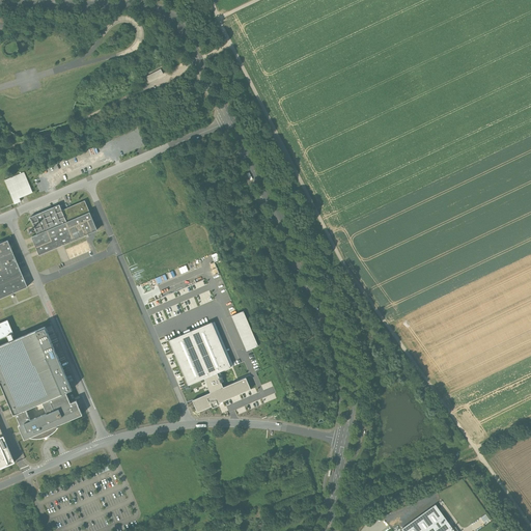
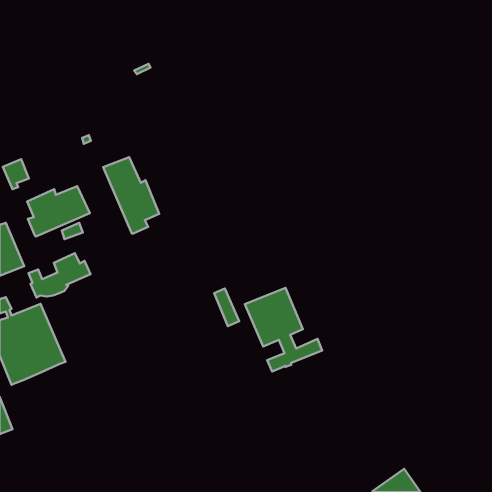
building: none -> [103,157,159,234]
building: [167,322,250,412] -> [245,288,322,372]
building: [15,391,81,439] -> [29,253,90,297]

